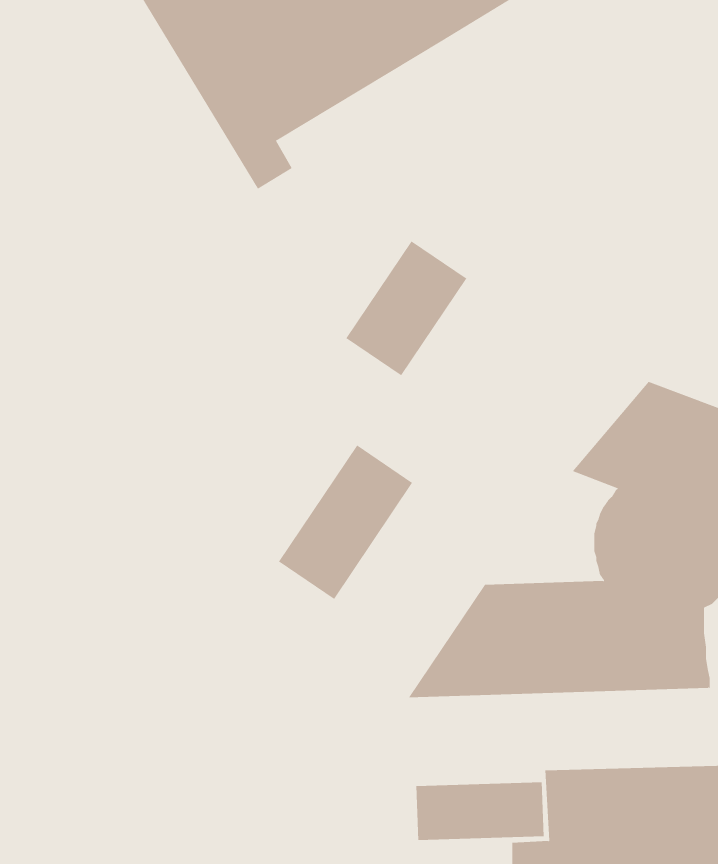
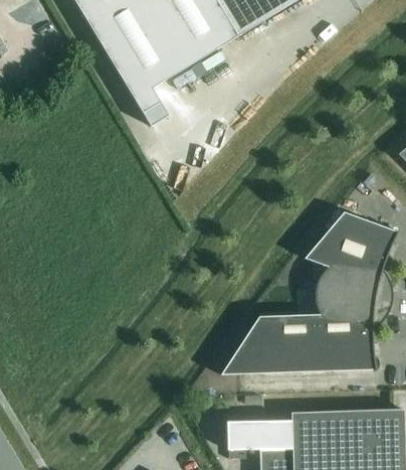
building: [346,240,467,376] -> none
building: [278,445,413,600] -> none

